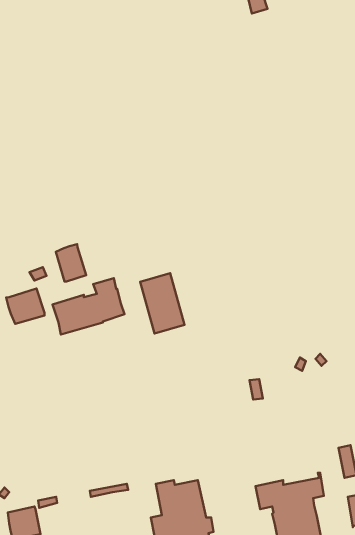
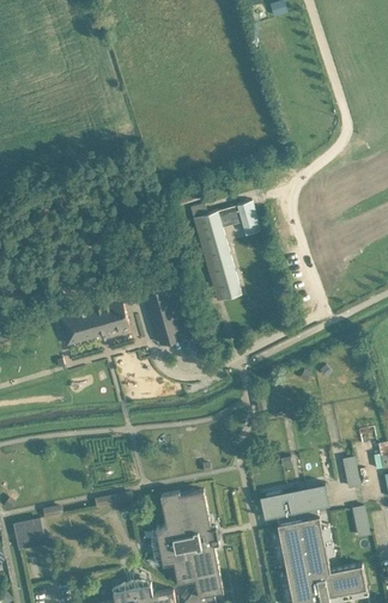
building: none -> [193,202,260,302]
building: [56,244,86,282] -> none
building: [6,288,45,324] -> none

